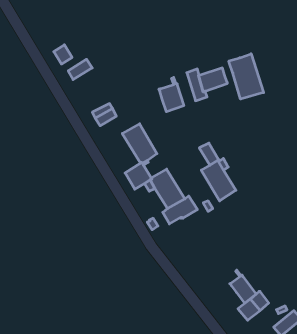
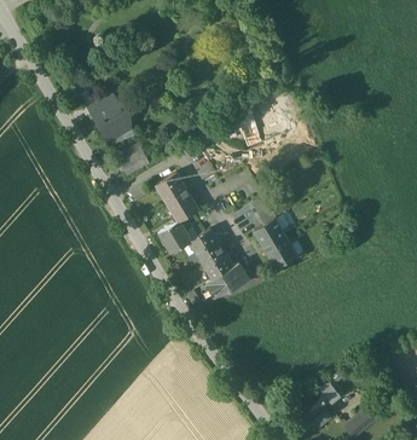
building: [229,54,264,99] -> none
building: none -> [93,102,127,141]
building: [159,77,184,112] -> none
building: [230,270,256,303] -> none

